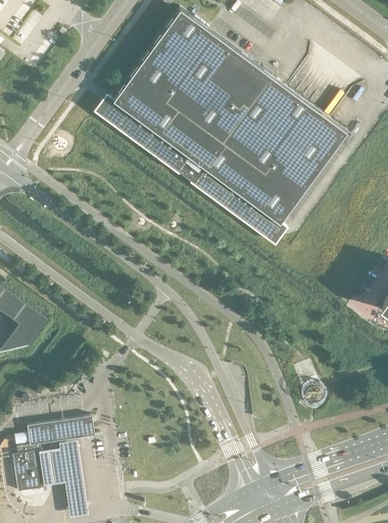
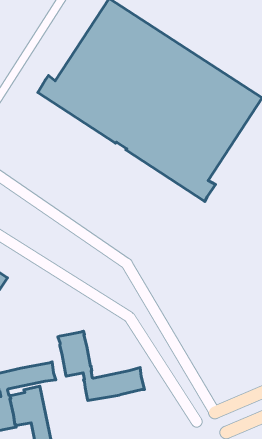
building: none -> [58,331,145,401]

